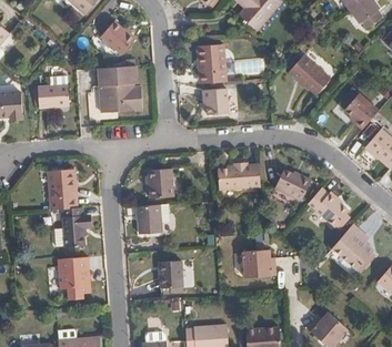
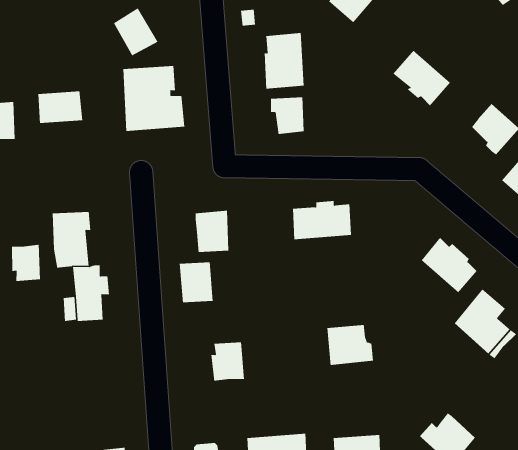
building: [274,169,311,201] -> none
building: none -> [12,244,41,282]
building: [58,256,91,299] -> none

